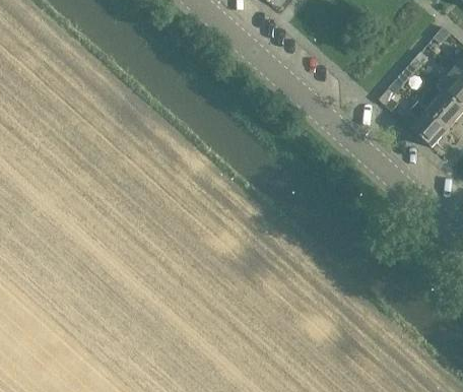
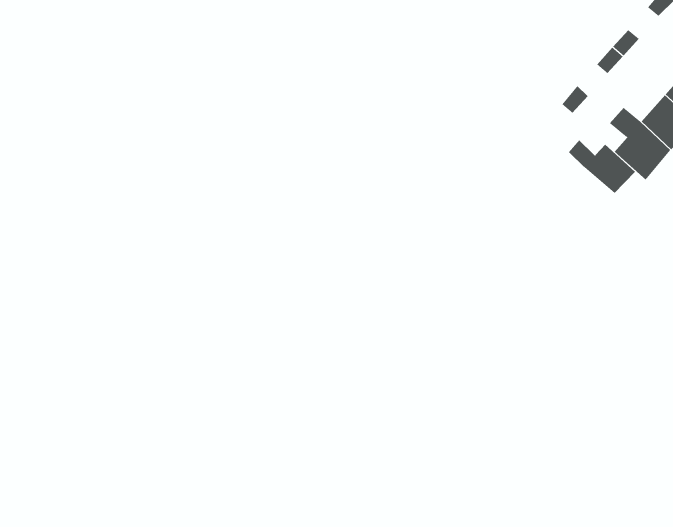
building: none -> [568,140,636,194]

